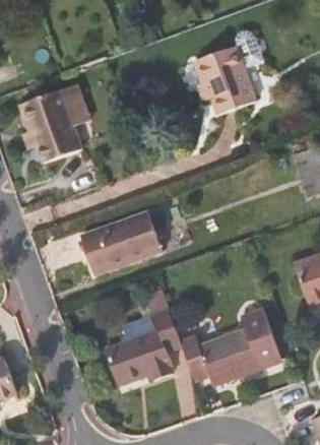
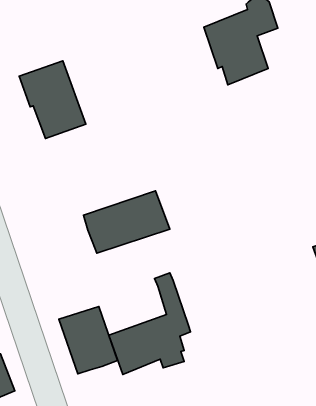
building: [179,306,279,383] -> none
building: none -> [59,306,117,374]

